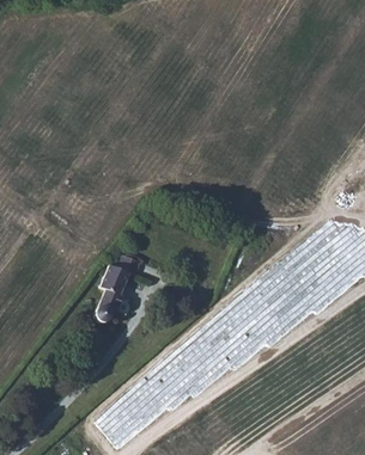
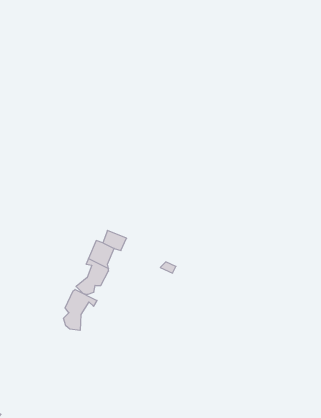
building: none -> [64,289,97,330]

